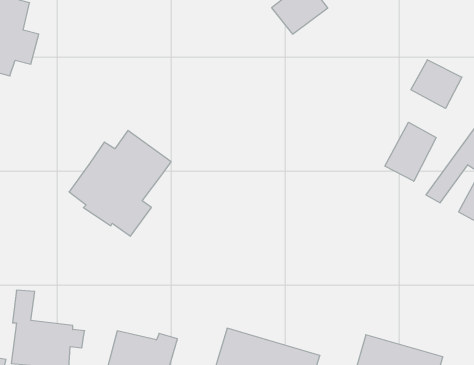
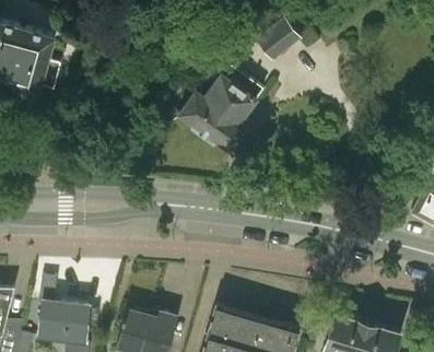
building: [411,60,462,108] -> none
building: [385,122,436,181] -> none
building: [69,130,171,236] -> [179,62,265,151]

